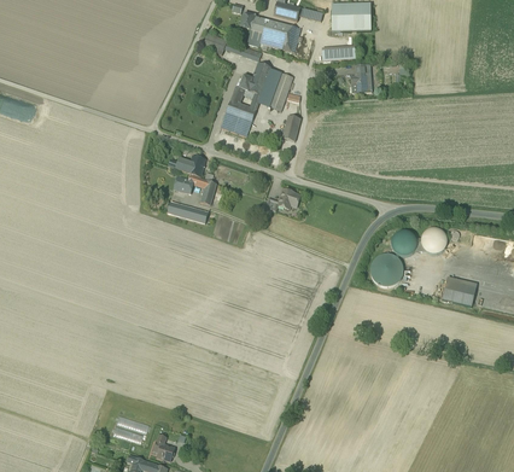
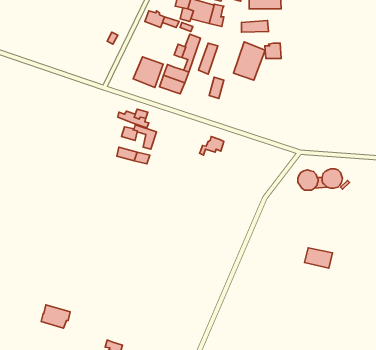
building: none -> [233,42,265,80]
building: none -> [133,57,163,87]
building: [369,254,402,286] -> none
building: [440,280,475,305] -> [304,248,333,268]
building: [111,413,147,442] -> [41,305,70,328]

